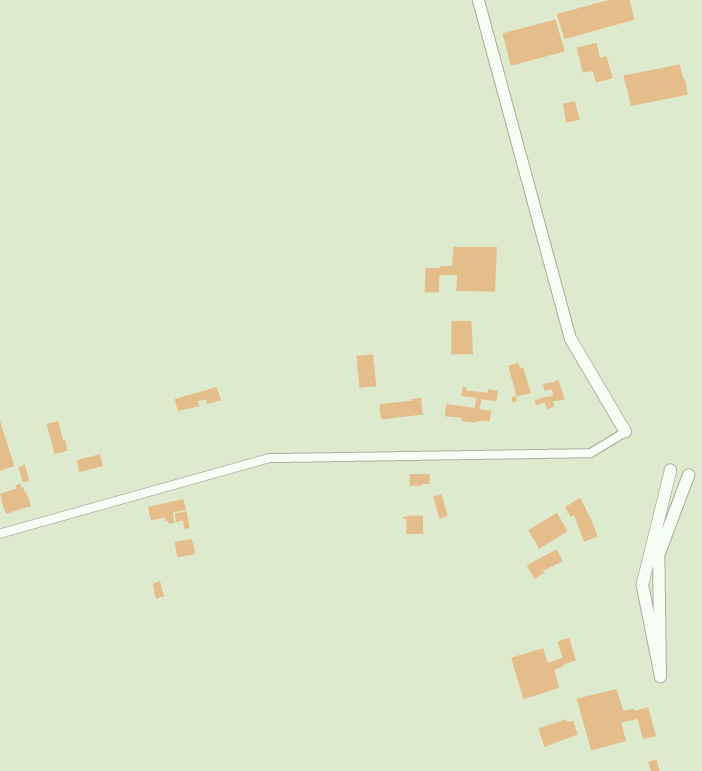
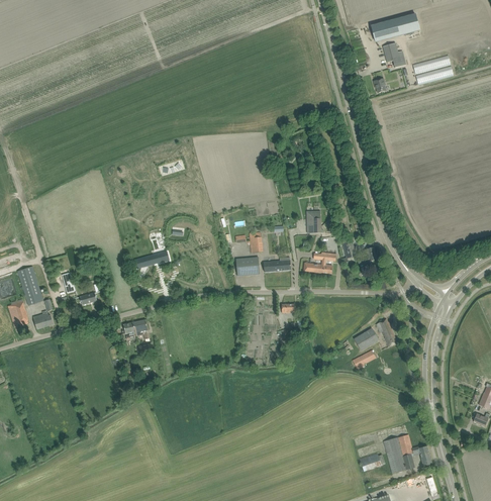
building: [502,19,566,67] -> none
building: [424,246,498,293] -> none
building: none -> [236,257,260,276]
building: [510,637,577,701] -> none

